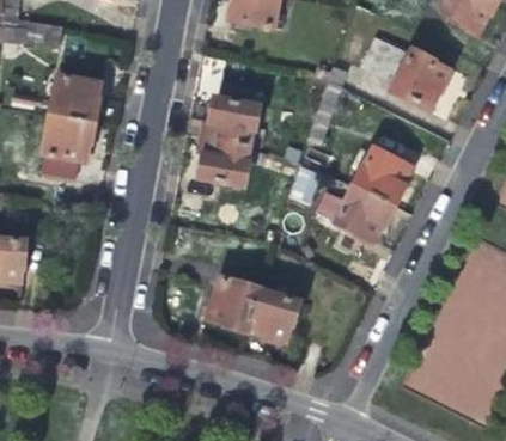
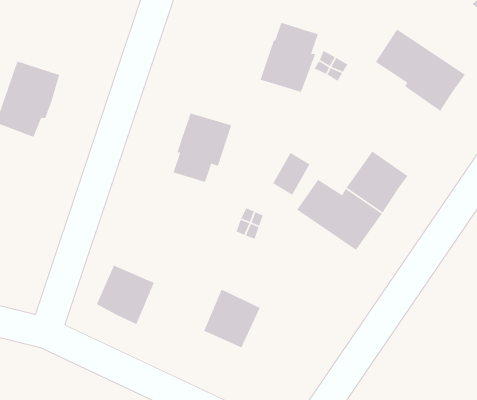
building: [54,76,102,122] -> none
building: [212,86,258,146] -> [259,22,319,93]
building: [211,280,260,330] -> [96,265,155,325]

